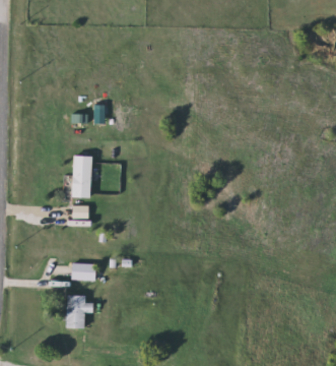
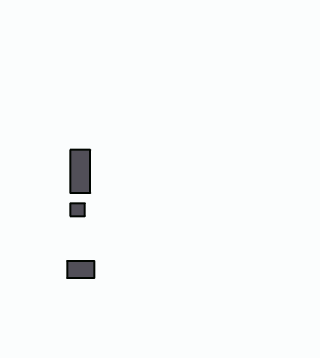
building: [66,296,92,328] -> none

